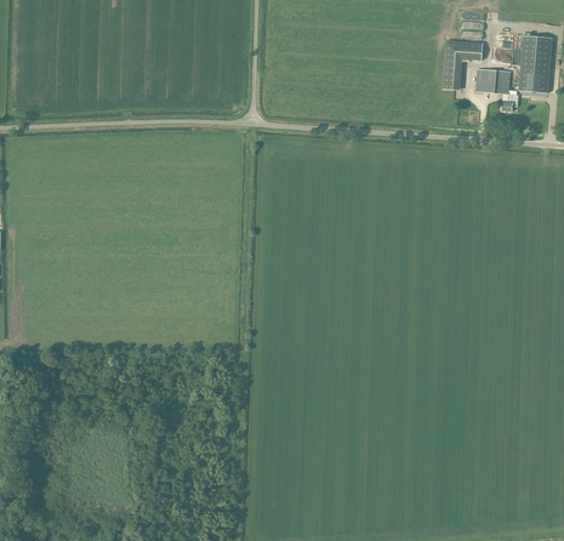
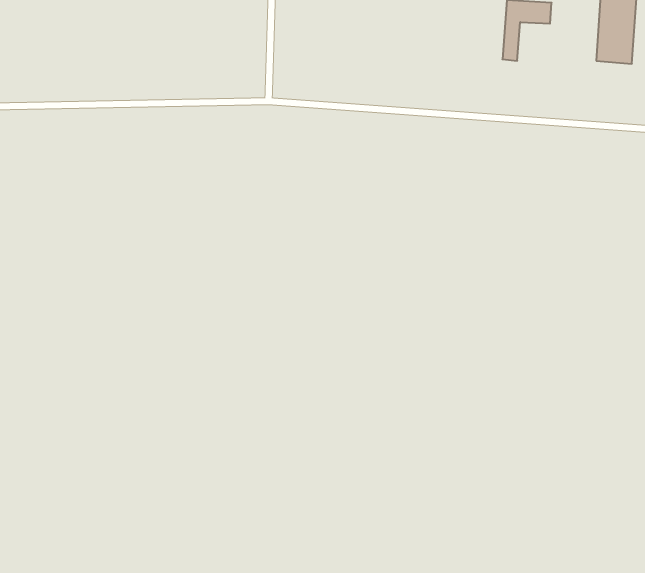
building: [475,68,519,109] -> none

